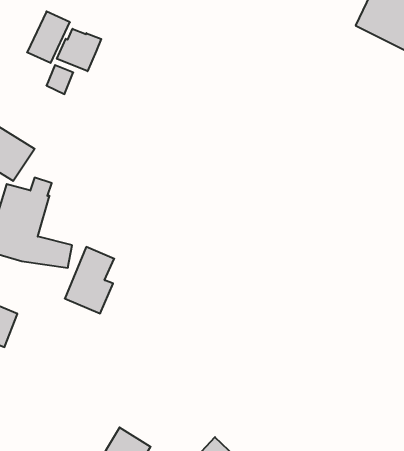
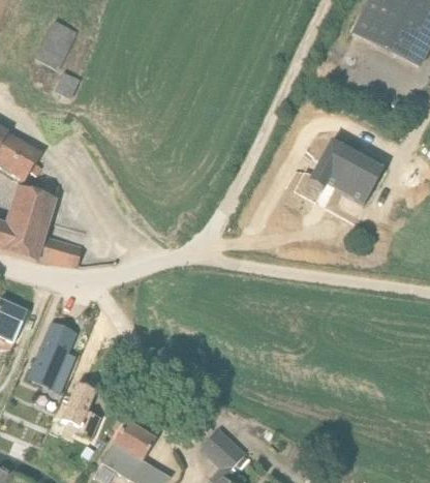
building: [57,29,101,71] -> none
building: none -> [310,153,383,214]
building: [65,247,114,313] -> [29,323,76,387]
building: none -> [62,378,102,434]

